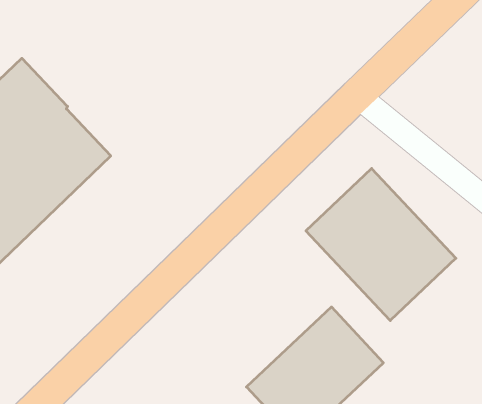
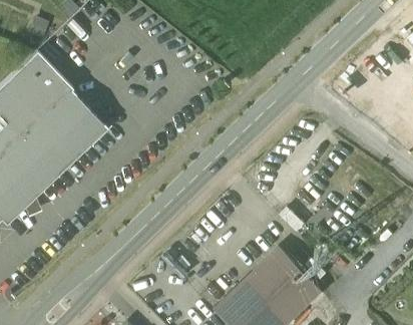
building: [306,168,456,321] -> none

